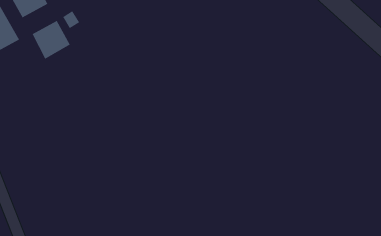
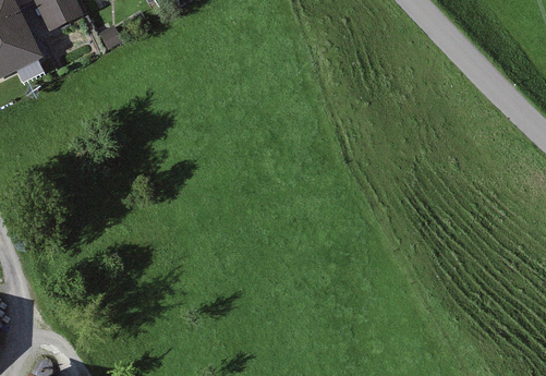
building: [32,20,71,60] -> none

